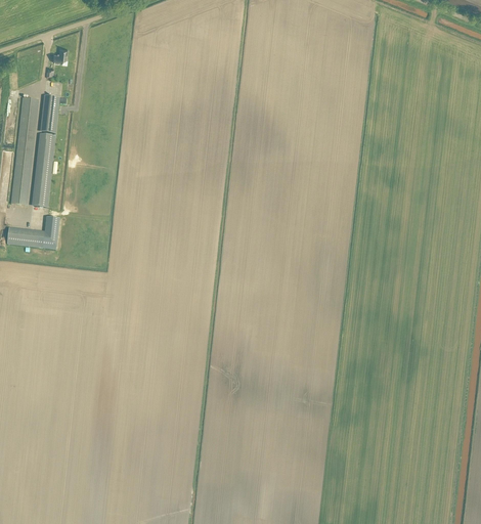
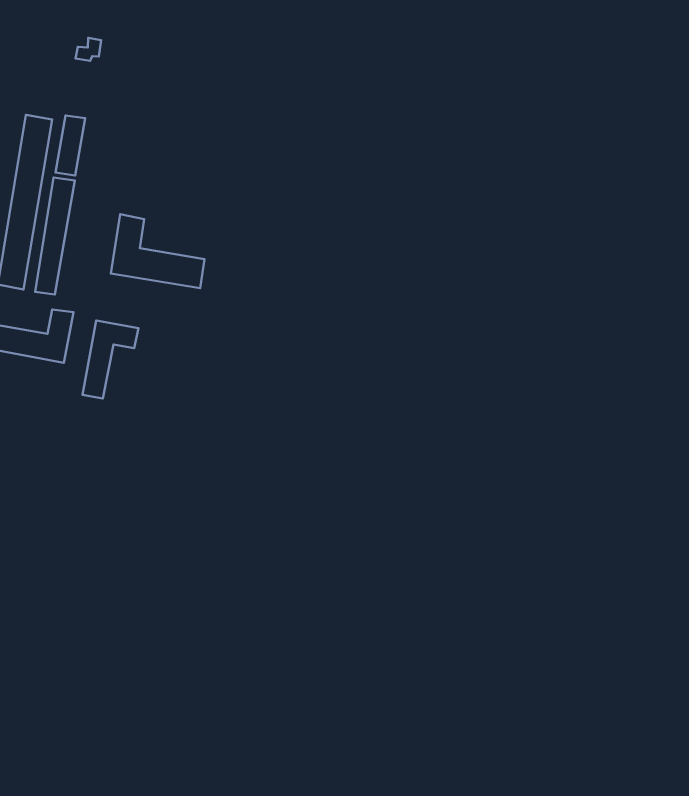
building: none -> [111,214,205,288]
building: none -> [82,321,139,399]

